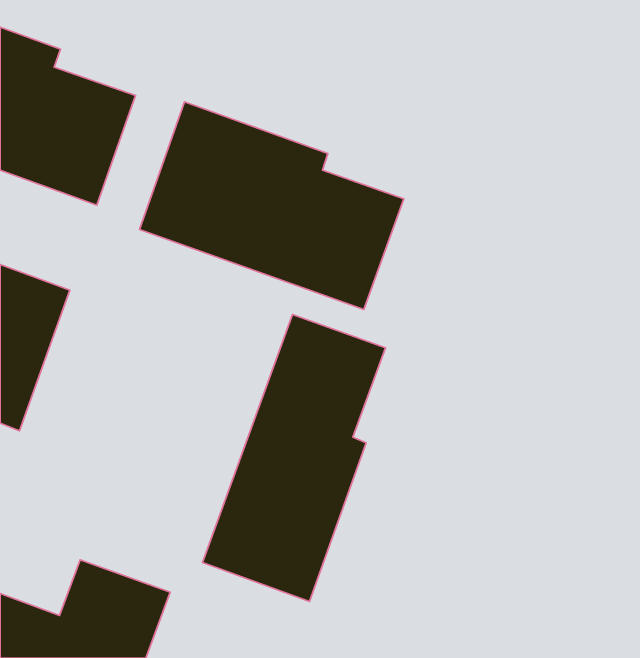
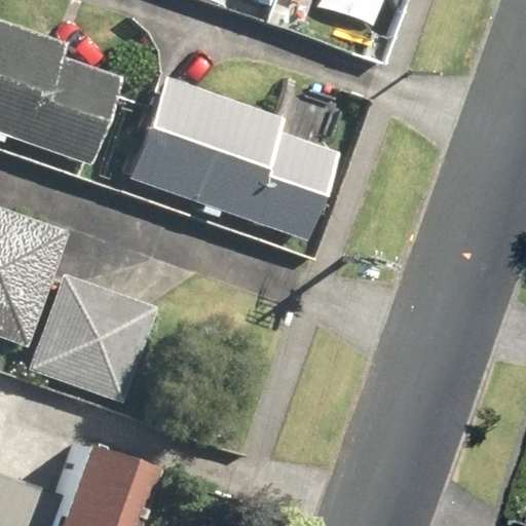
building: [203,314,386,601] -> none
building: none -> [28,271,160,403]

